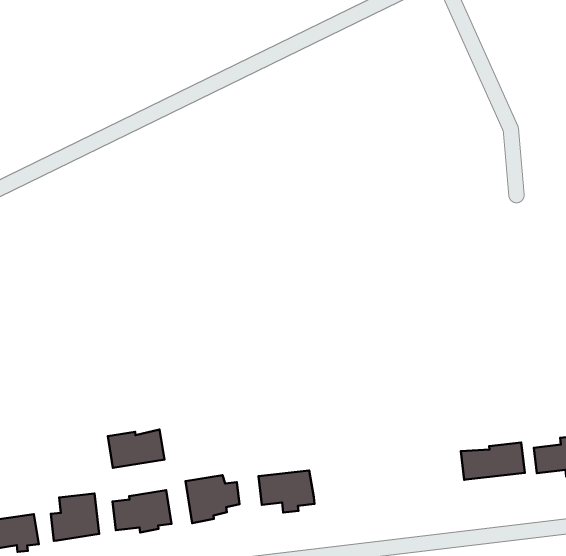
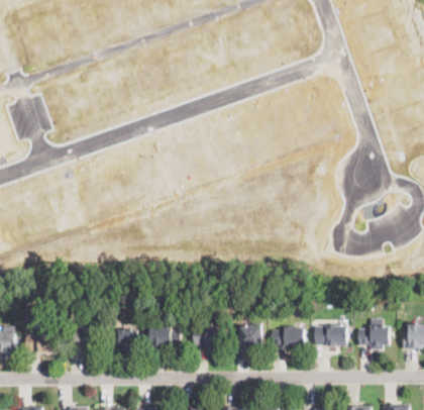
building: [108,430,164,468] -> none
building: none -> [234,320,261,349]
building: none -> [271,325,304,347]

